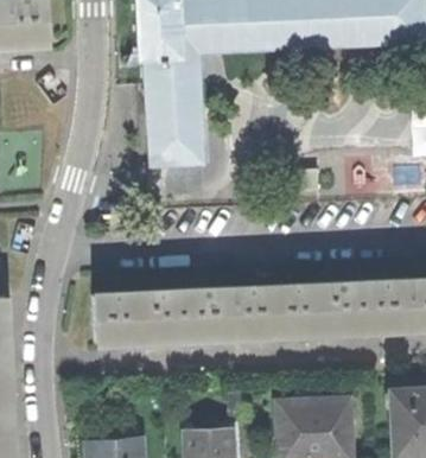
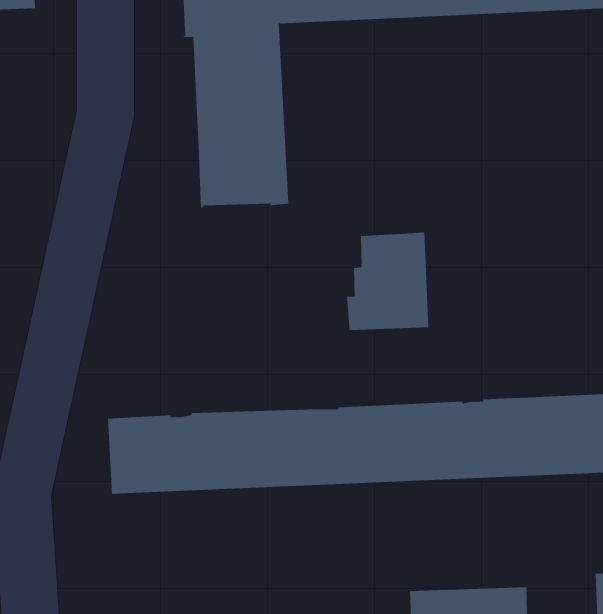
building: none -> [347,232,429,331]

